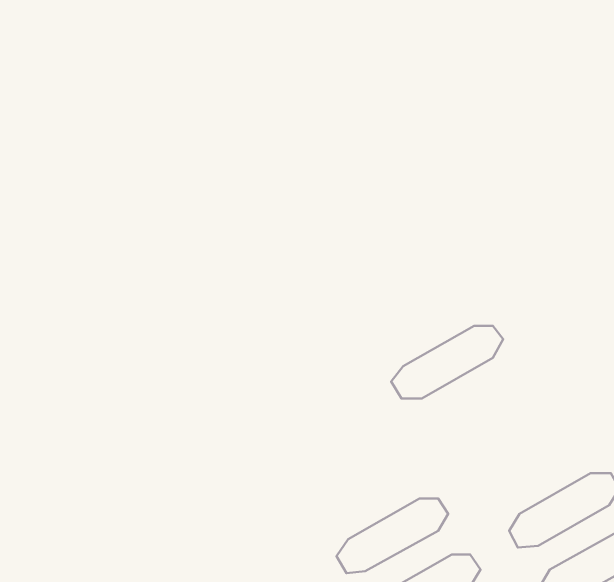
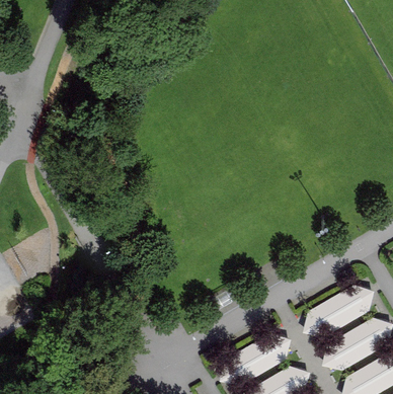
building: [391,326,503,399] -> [303,288,370,331]

